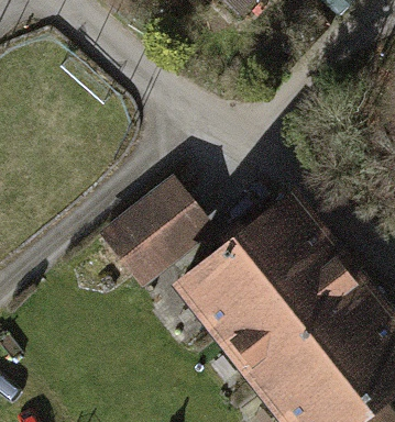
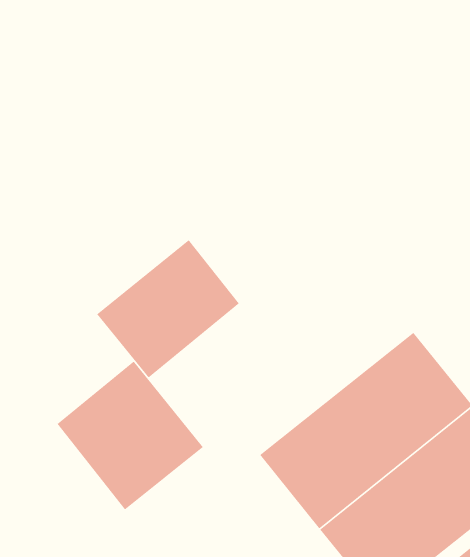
building: [177,192,334,337] -> none
building: none -> [56,360,204,510]

